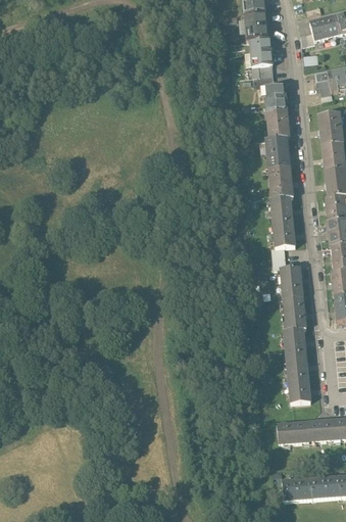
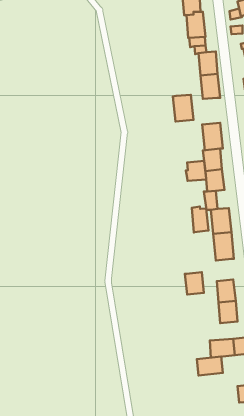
building: [265,136,290,168] -> [173,95,193,122]
building: none -> [186,161,206,181]
building: none -> [192,206,209,232]
building: [283,327,305,353] -> [185,272,204,295]
building: [282,478,312,501] -> [197,357,223,375]

